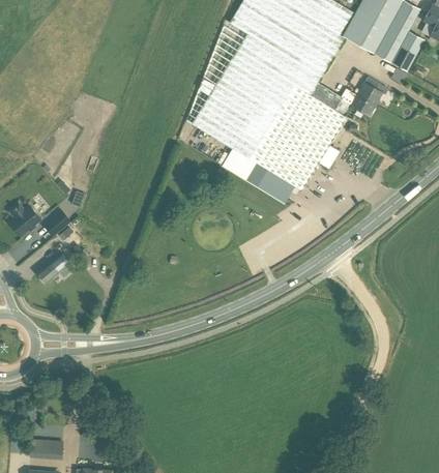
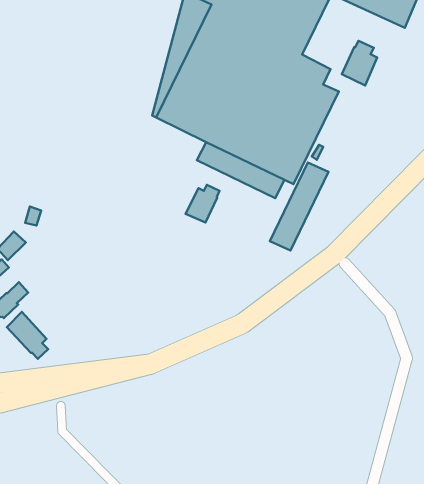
building: none -> [270,162,328,251]
building: none -> [186,185,220,222]
building: none -> [7,312,48,359]

